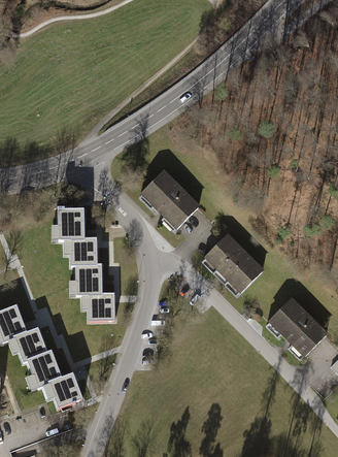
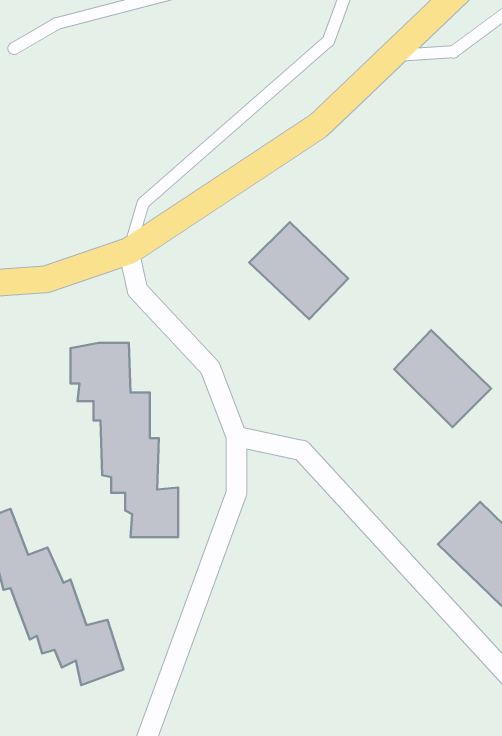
building: [138,173,196,230] -> [249,222,348,319]
building: [204,238,261,295] -> [394,330,491,427]

